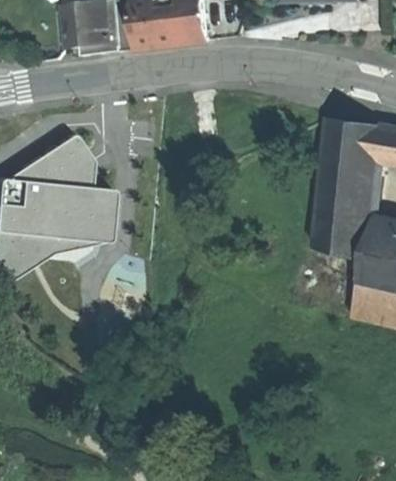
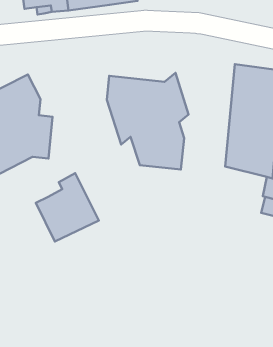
building: none -> [107,73,188,169]
building: none -> [36,173,99,241]

